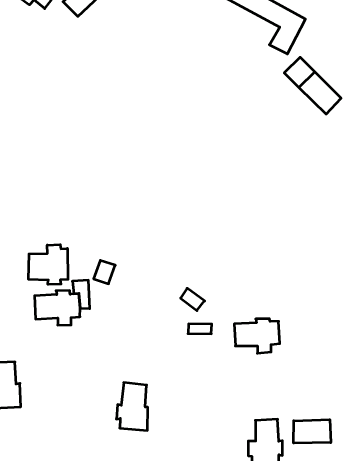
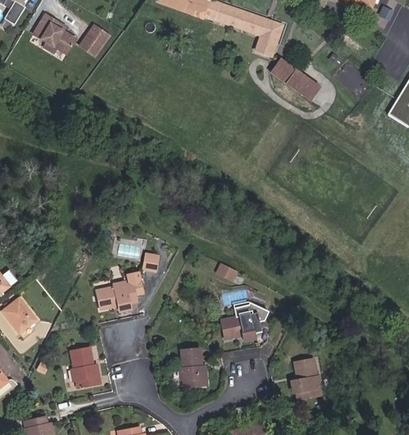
building: [29,245,68,284] -> none
building: [234,319,280,353] -> [222,311,262,341]
building: [294,420,331,443] -> none

